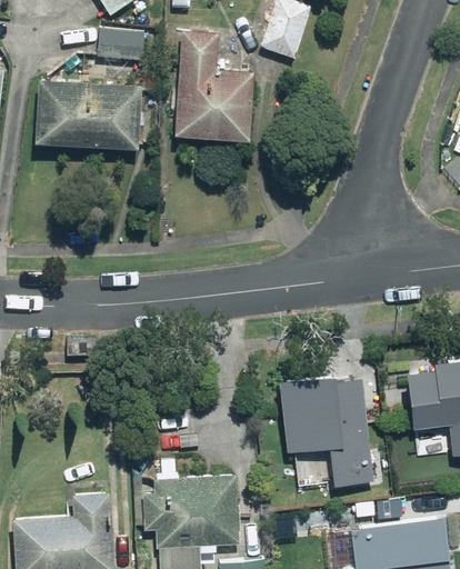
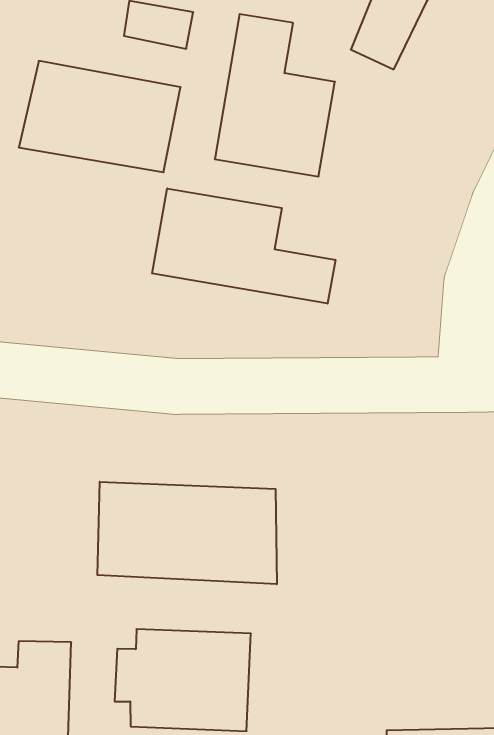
building: none -> [152,188,335,304]
building: none -> [97,482,277,584]
building: [274,373,376,486] -> none

